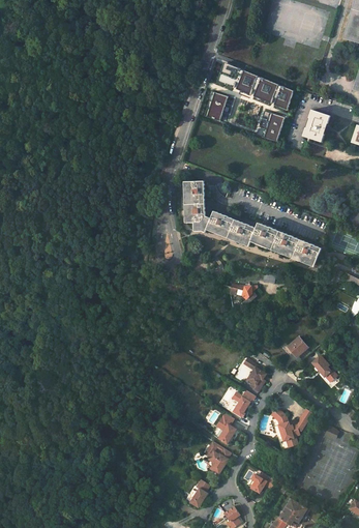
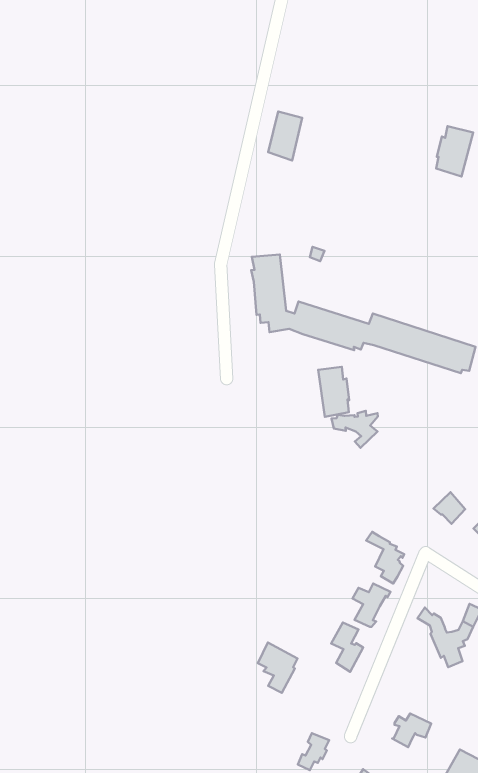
building: [217,63,293,111] -> none
building: [262,115,285,143] -> none
building: none -> [318,367,349,417]
building: [206,442,231,474] -> [258,643,297,693]

